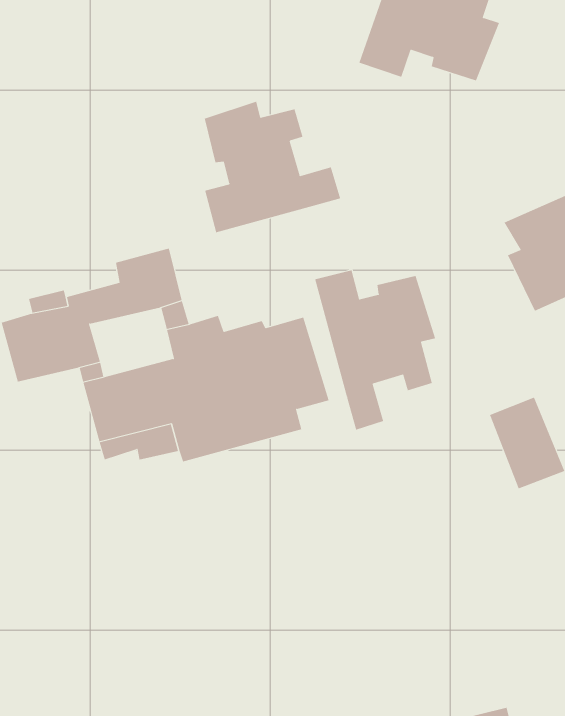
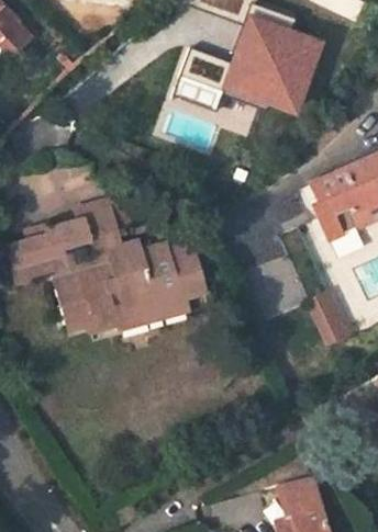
building: [204,101,341,233] -> none
building: [314,269,436,430] -> none

